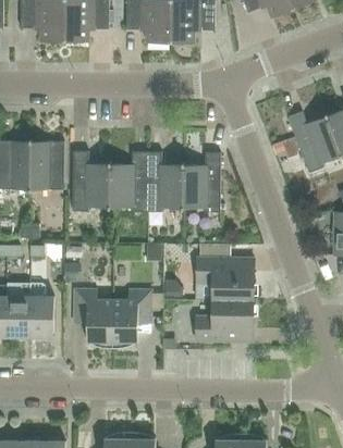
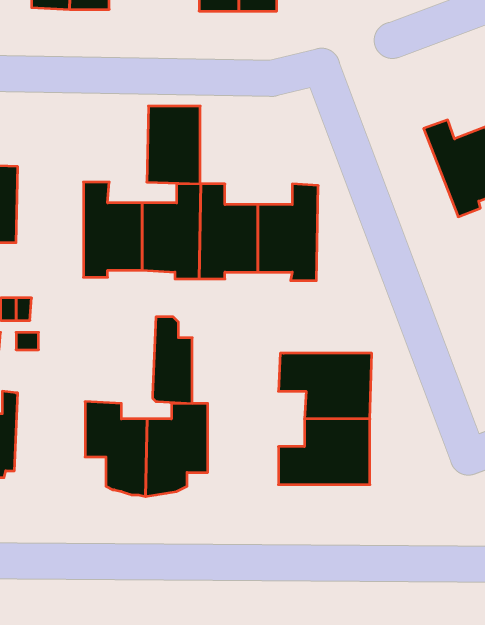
building: [29,140,63,189] -> [147,106,200,184]
building: [28,283,53,337] -> [153,317,192,403]

